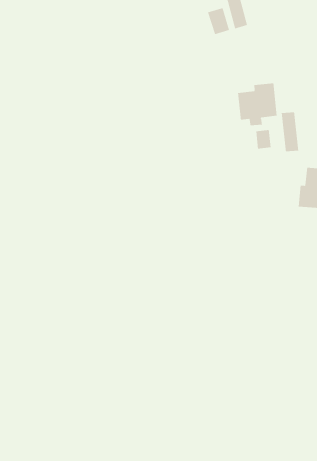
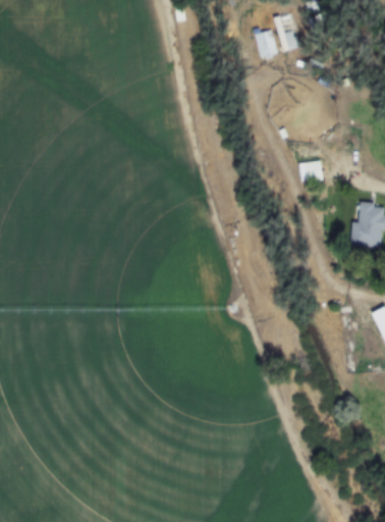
building: [237,82,277,126] -> none
building: [281,111,299,152] -> none

